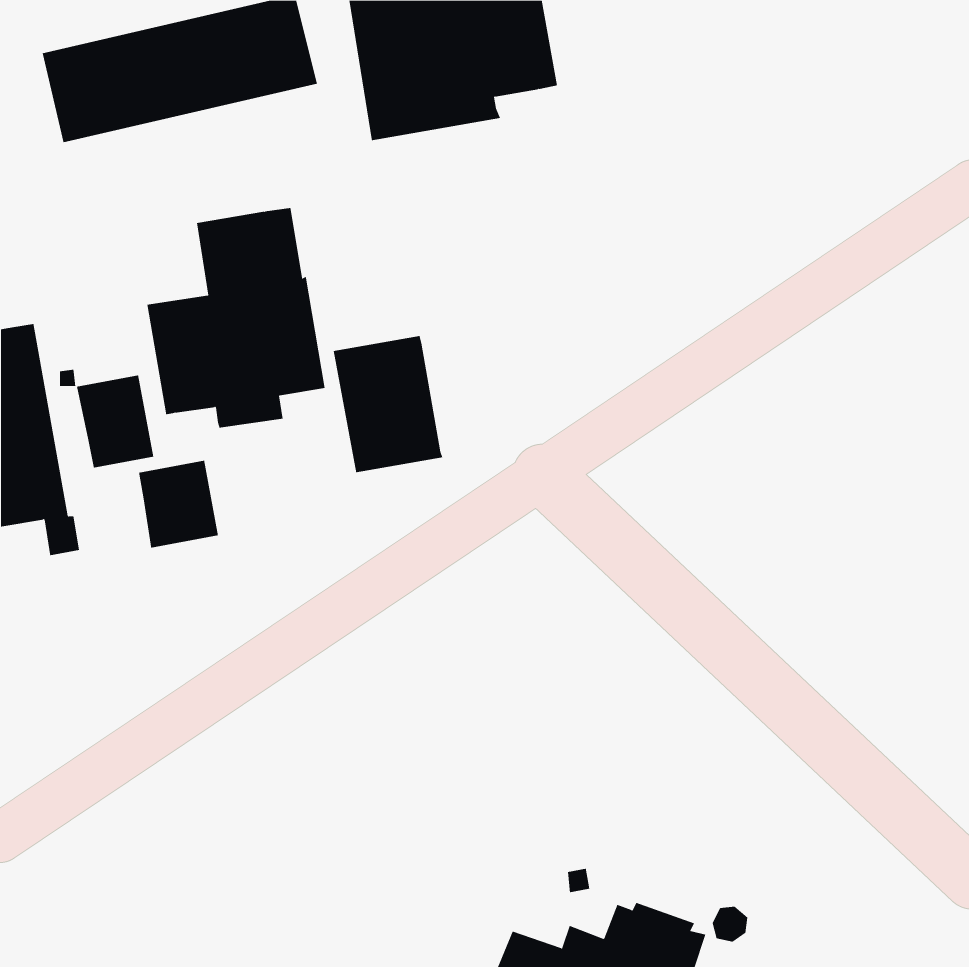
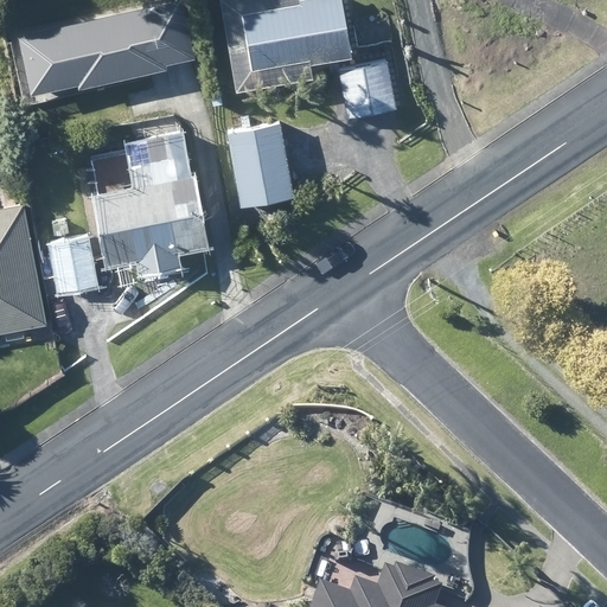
building: none -> [339,65,395,119]
building: [333,336,443,473] -> [225,122,294,207]
building: [139,460,219,549] -> none

